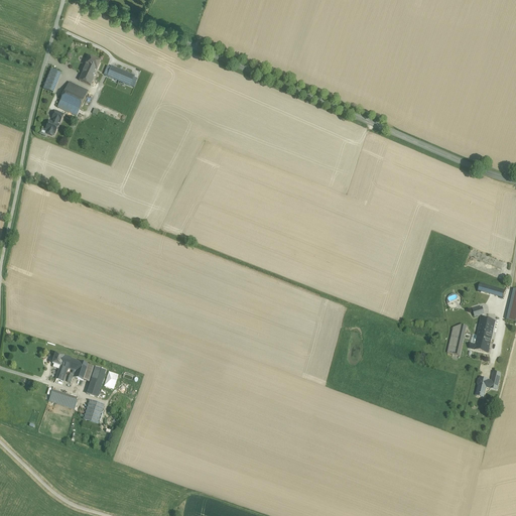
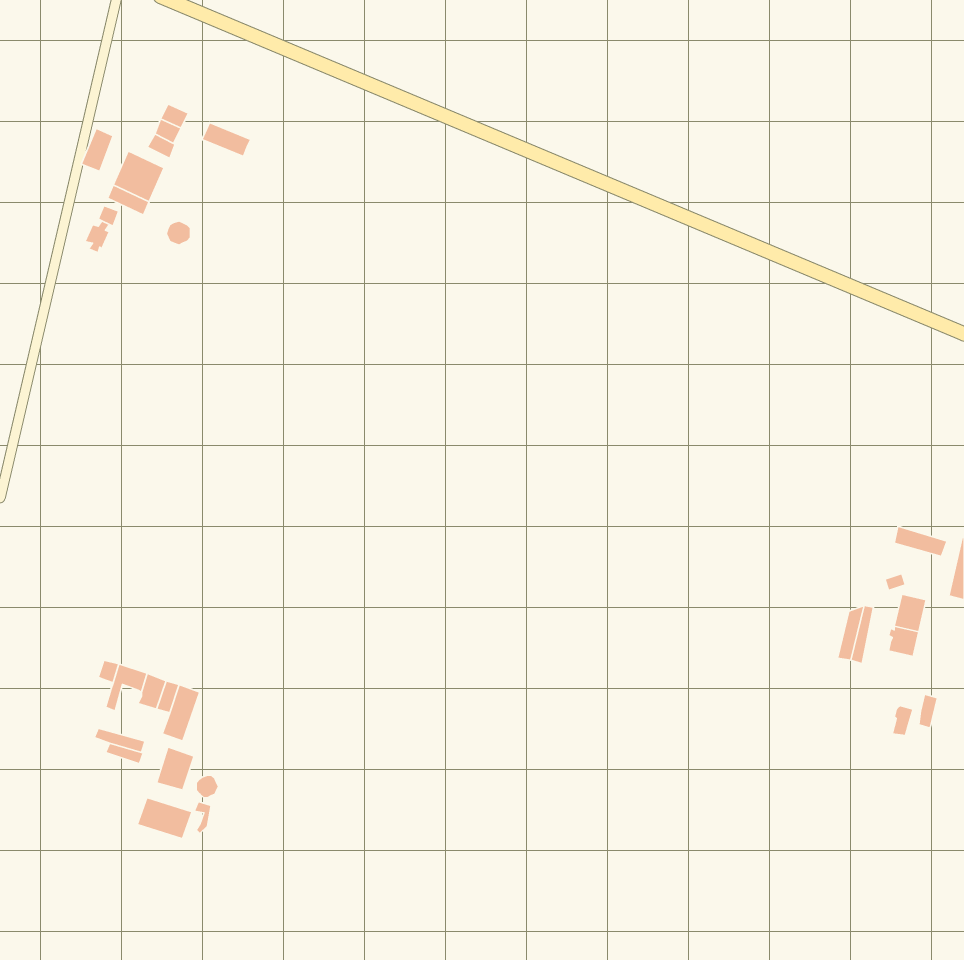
building: none -> [137,797,192,839]

